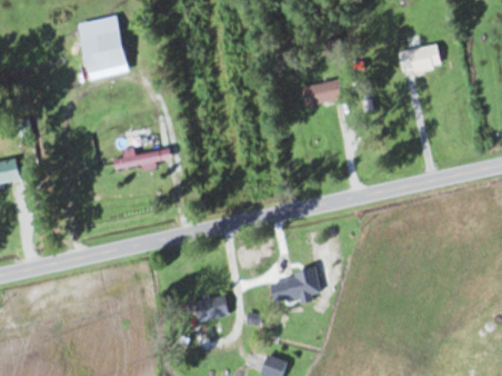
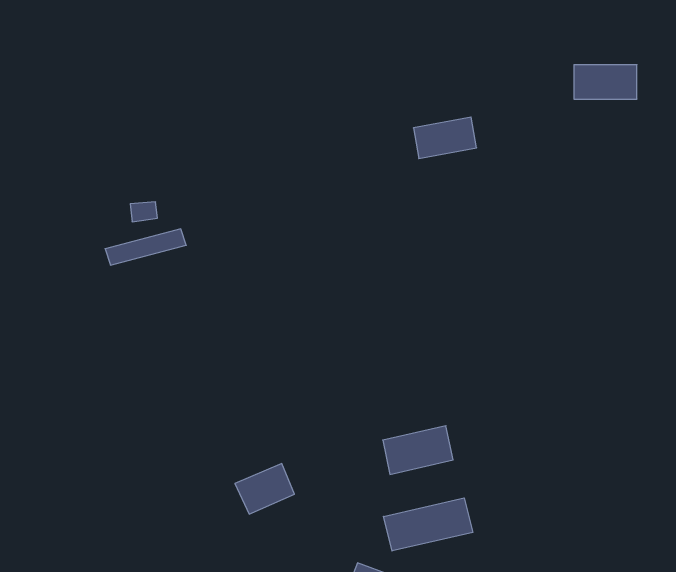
building: [77,17,127,80] -> none
building: none -> [383,498,473,551]

